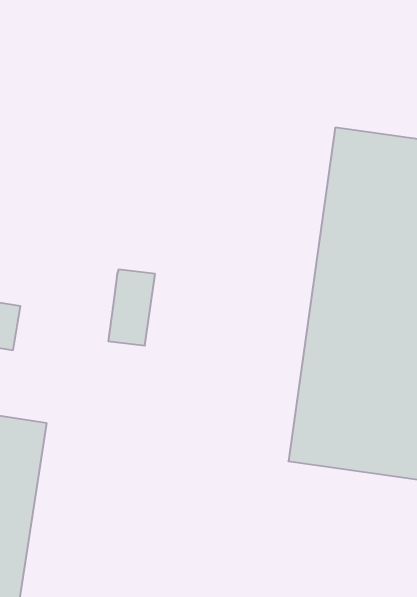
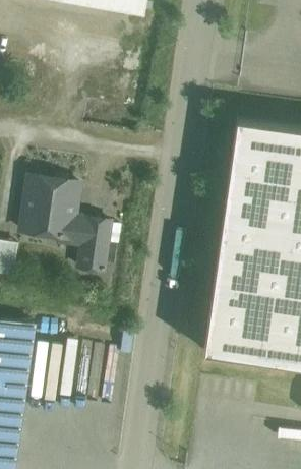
building: none -> [20,175,84,243]

